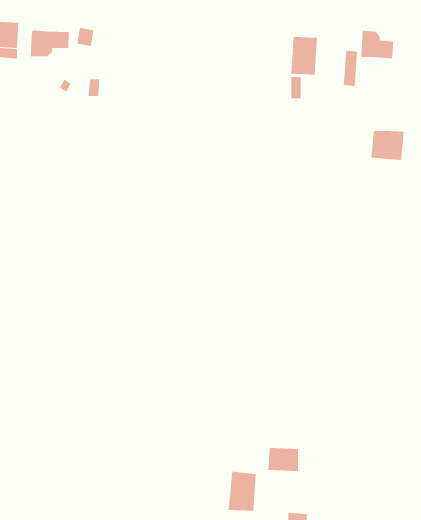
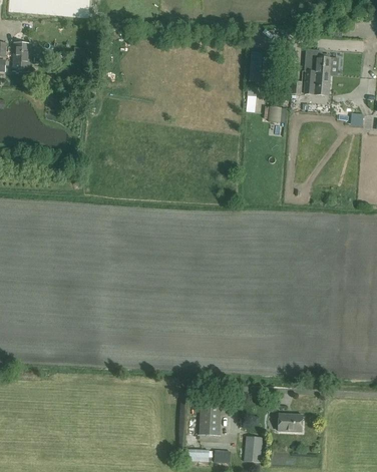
building: [30,30,69,57] -> none
building: [371,130,404,160] -> [304,71,331,95]
building: [268,448,299,471] -> [278,413,303,432]

